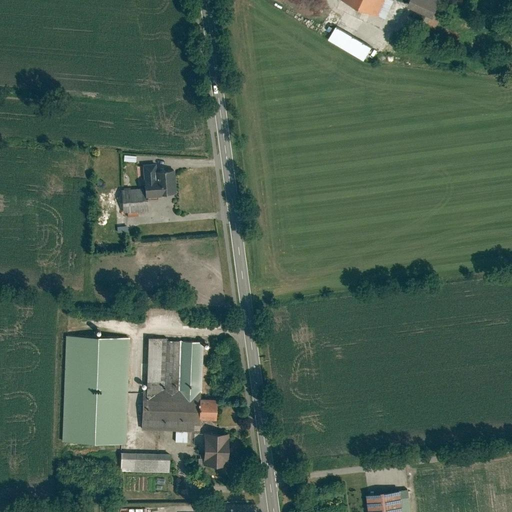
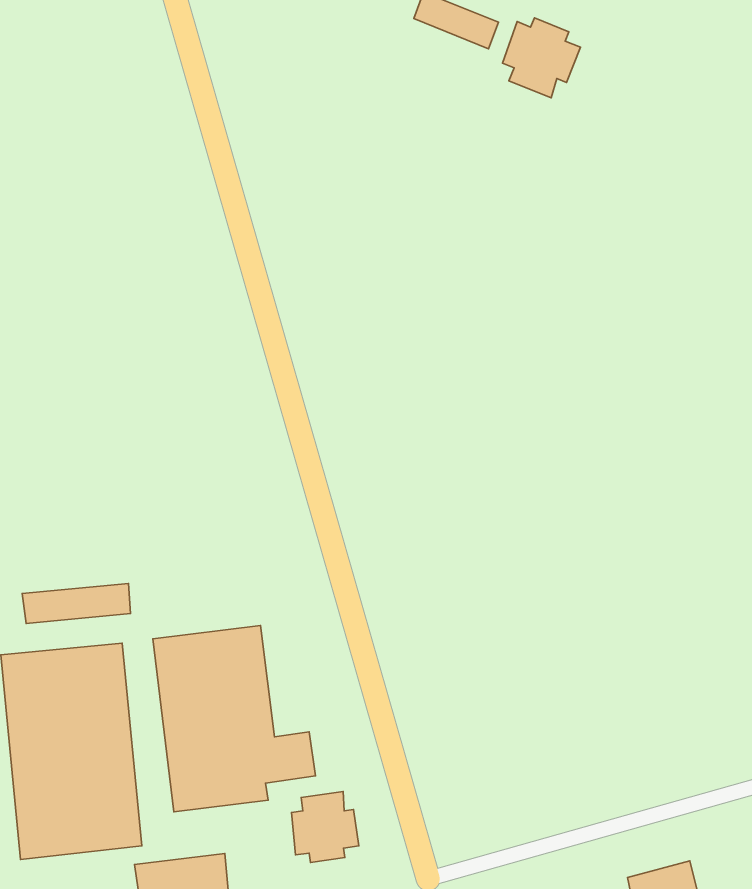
building: none -> [503,18,581,98]
building: [120,166,177,212] -> none
building: none -> [22,583,130,624]

